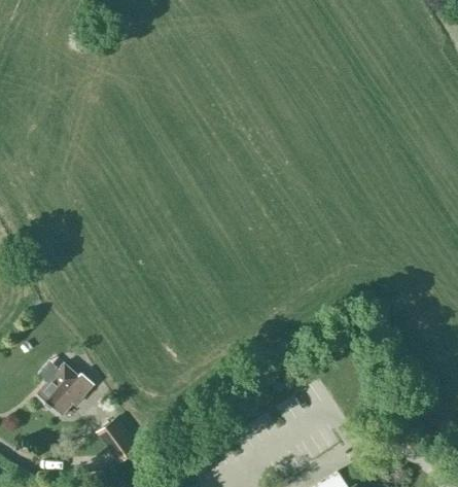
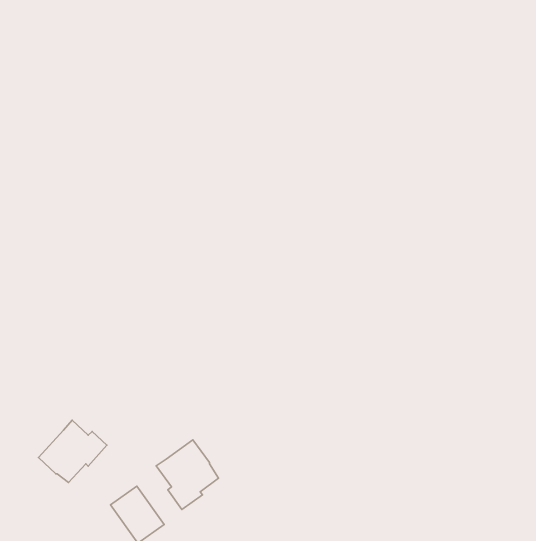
building: none -> [156,440,218,509]

